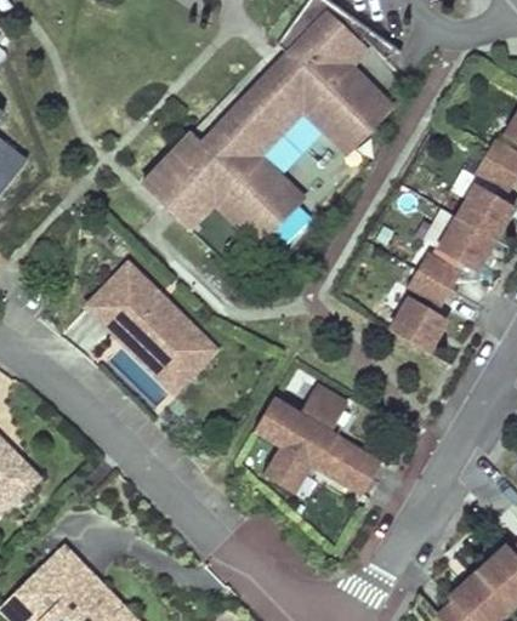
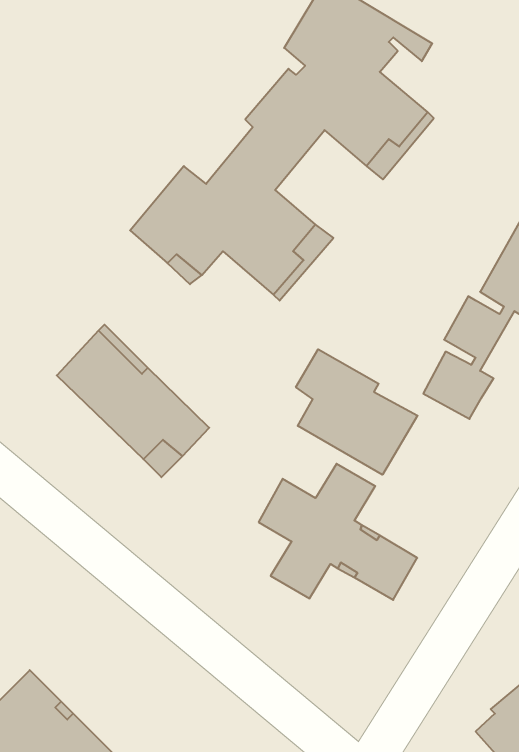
building: none -> [296,349,418,475]

